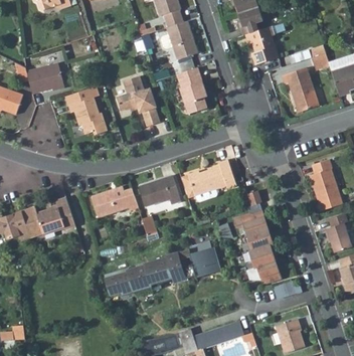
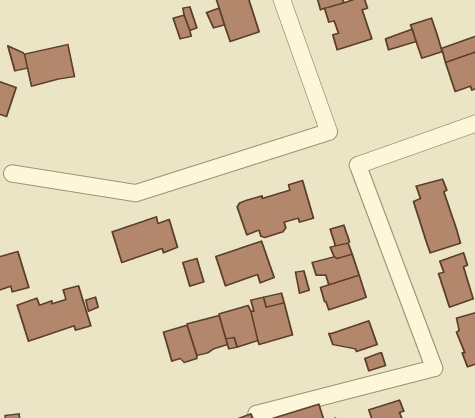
building: [175,66,206,113] -> none
building: [282,66,318,112] -> none
building: [114,75,158,125] -> none
building: [63,84,106,133] -> none
building: [138,174,180,206] -> [216,241,274,286]
building: [21,196,74,236] -> [17,286,91,341]
building: [242,244,276,270] -> none
building: [104,268,133,295] -> none

